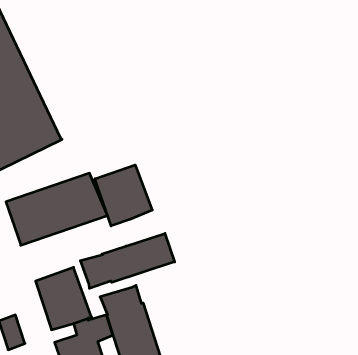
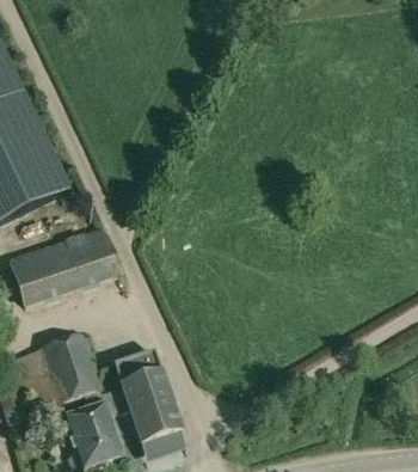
building: [95,165,152,226] -> none
building: [80,233,175,288] -> none
building: none -> [16,348,60,411]

